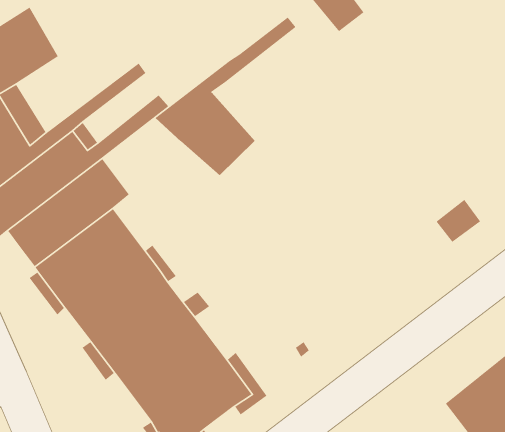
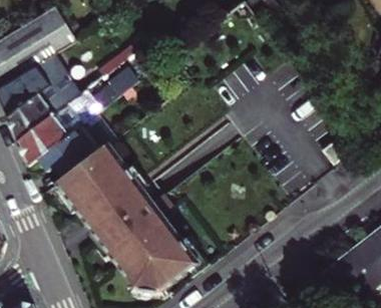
building: [155,16,297,176] -> none

